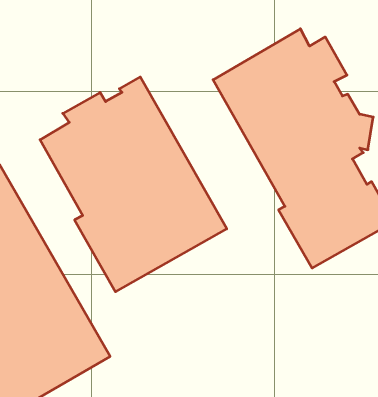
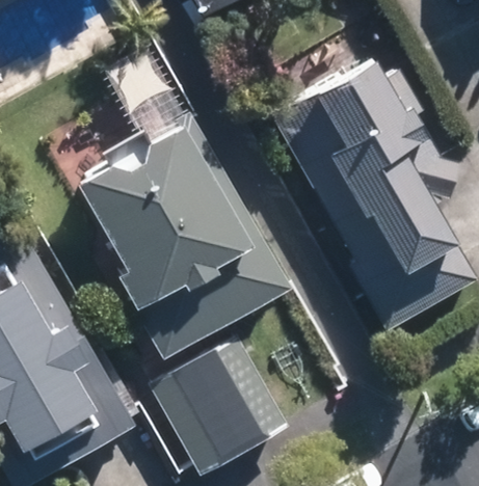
building: none -> [148,334,286,473]

